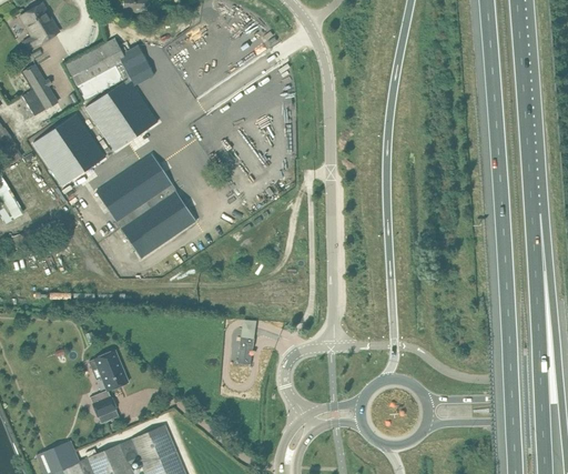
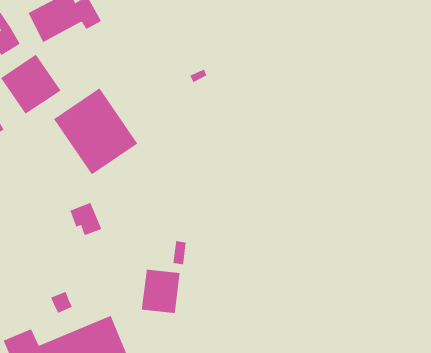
building: [84,79,158,151] -> none
building: [89,351,128,391] -> [69,202,102,236]
building: none -> [141,269,180,314]

